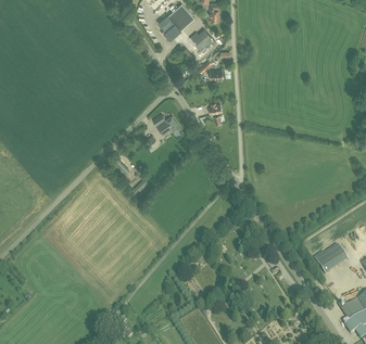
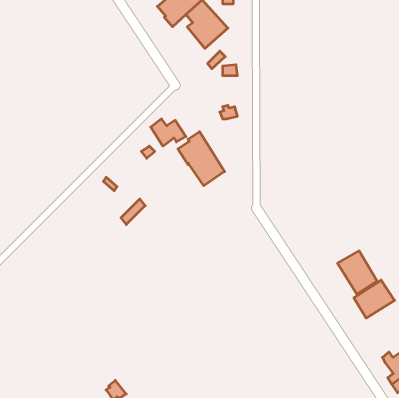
building: none -> [178,132,225,186]
building: none -> [338,251,377,294]

